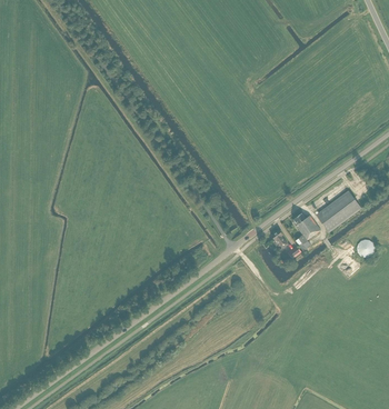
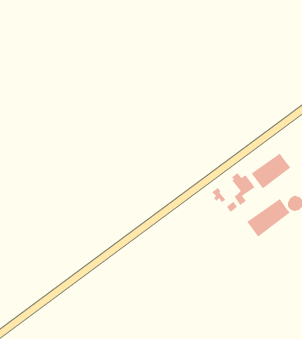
building: none -> [247,198,291,238]

